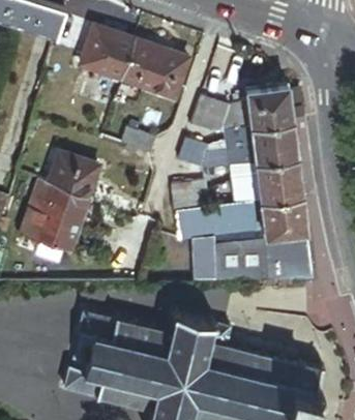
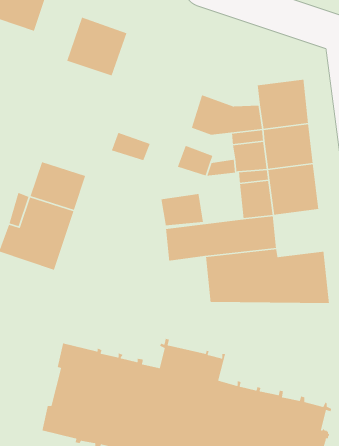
building: [121,39,189,96] -> none
building: [263,194,307,236] -> none

